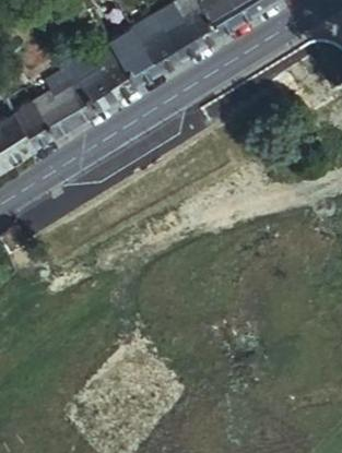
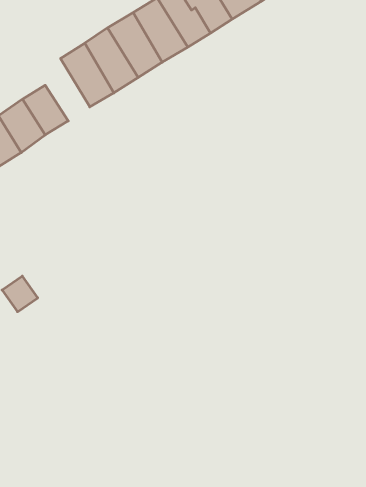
building: [47,63,91,117] -> none

